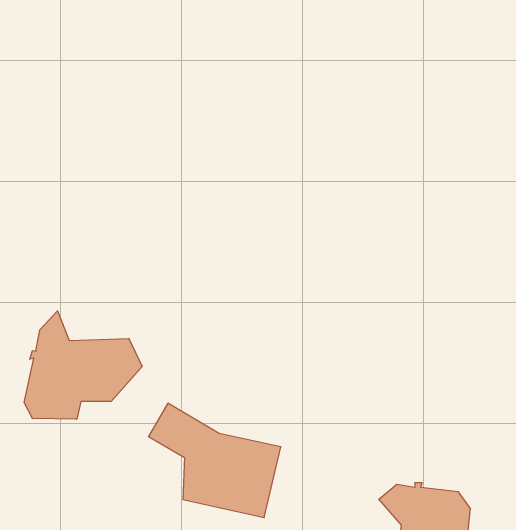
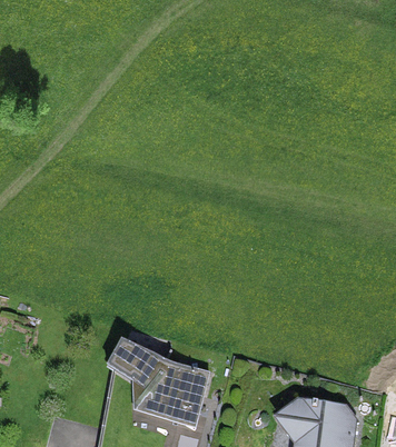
building: [24,311,142,419] -> none

